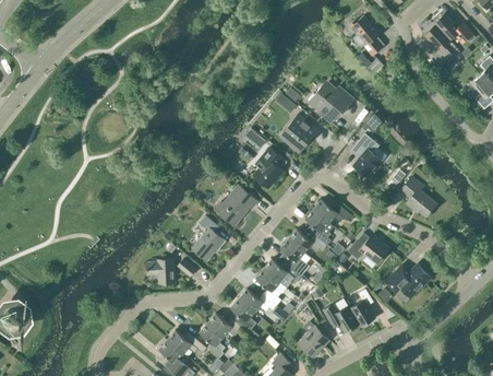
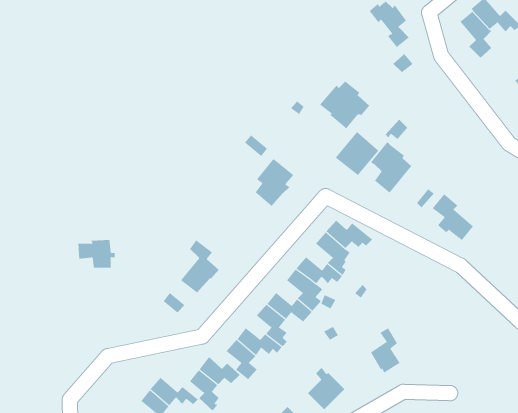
building: [280,114,317,151] -> [335,131,379,176]
building: [216,185,257,226] -> none
building: [347,233,389,263] -> none
building: [146,259,178,283] -> [77,239,115,268]
building: [384,263,432,299] -> none
building: [323,306,359,333] -> none

